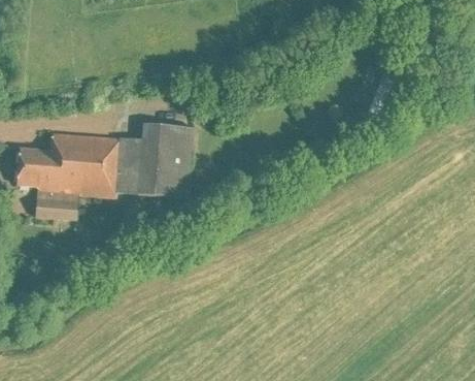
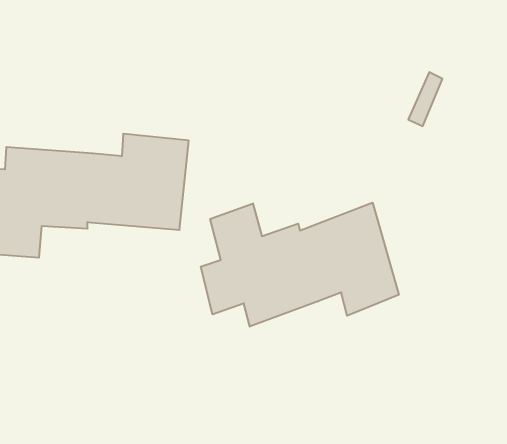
building: none -> [201,203,399,327]

